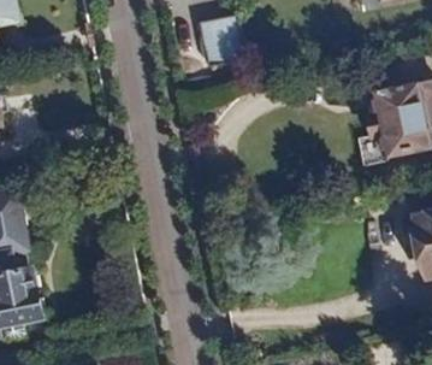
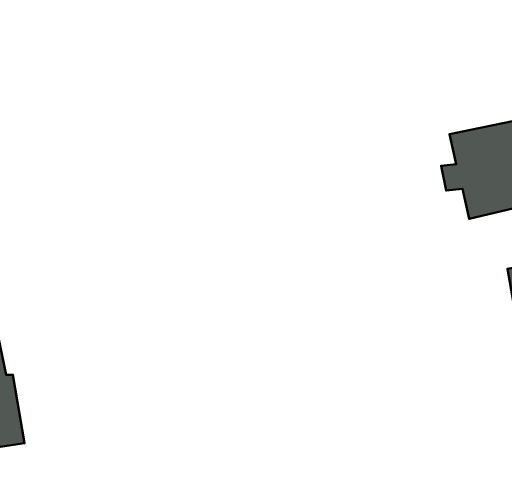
building: [194,17,239,66] -> none

